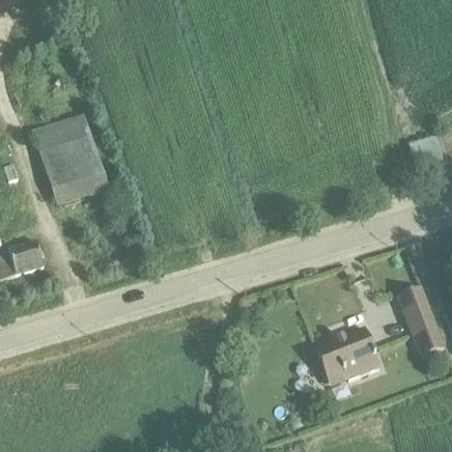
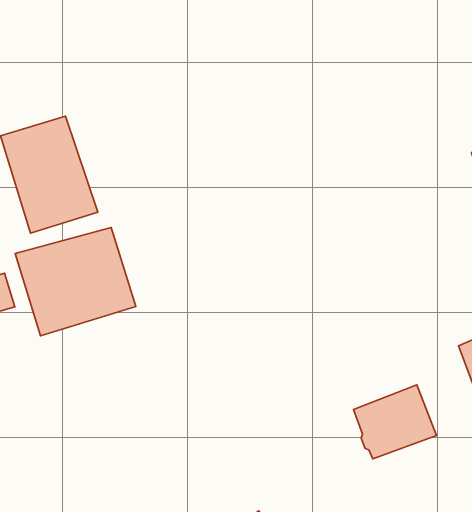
building: none -> [15,228,136,336]

